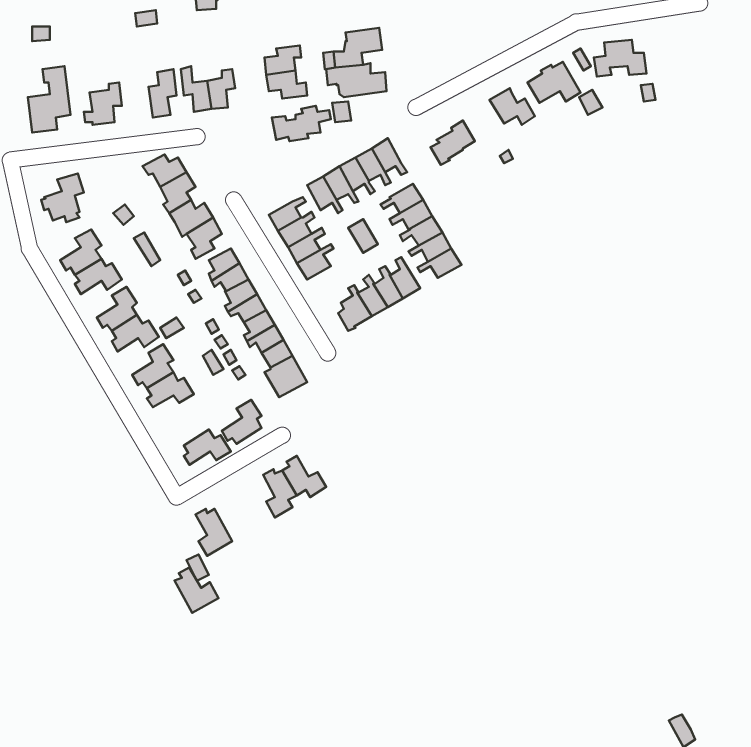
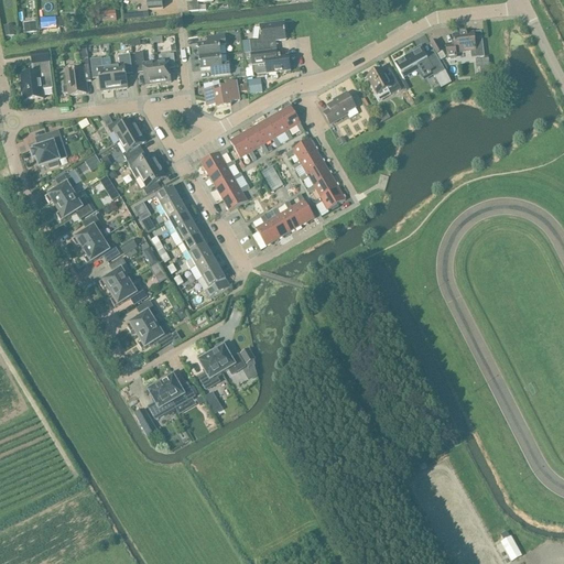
building: none -> [90,55,115,89]
building: [222,400,261,444] -> [127,301,156,334]
building: [175,567,219,613] -> [161,371,194,405]

